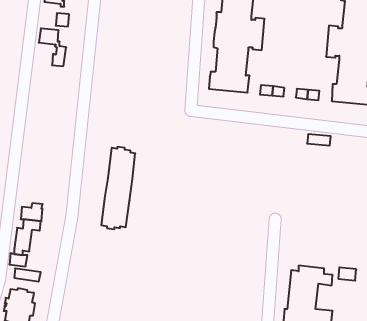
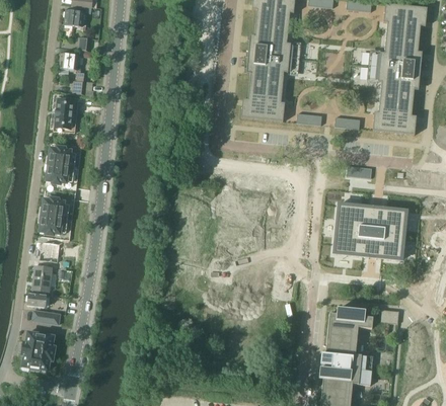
building: none -> [53,96,79,133]
building: [101,147,135,229] -> [40,147,76,235]
building: none -> [333,205,406,260]

